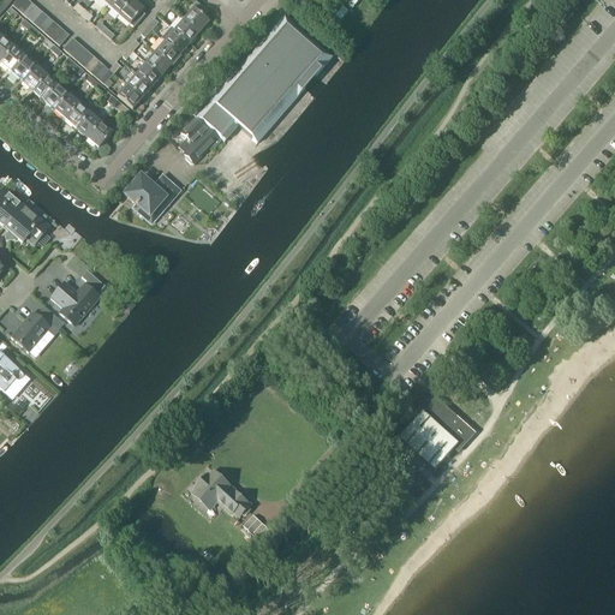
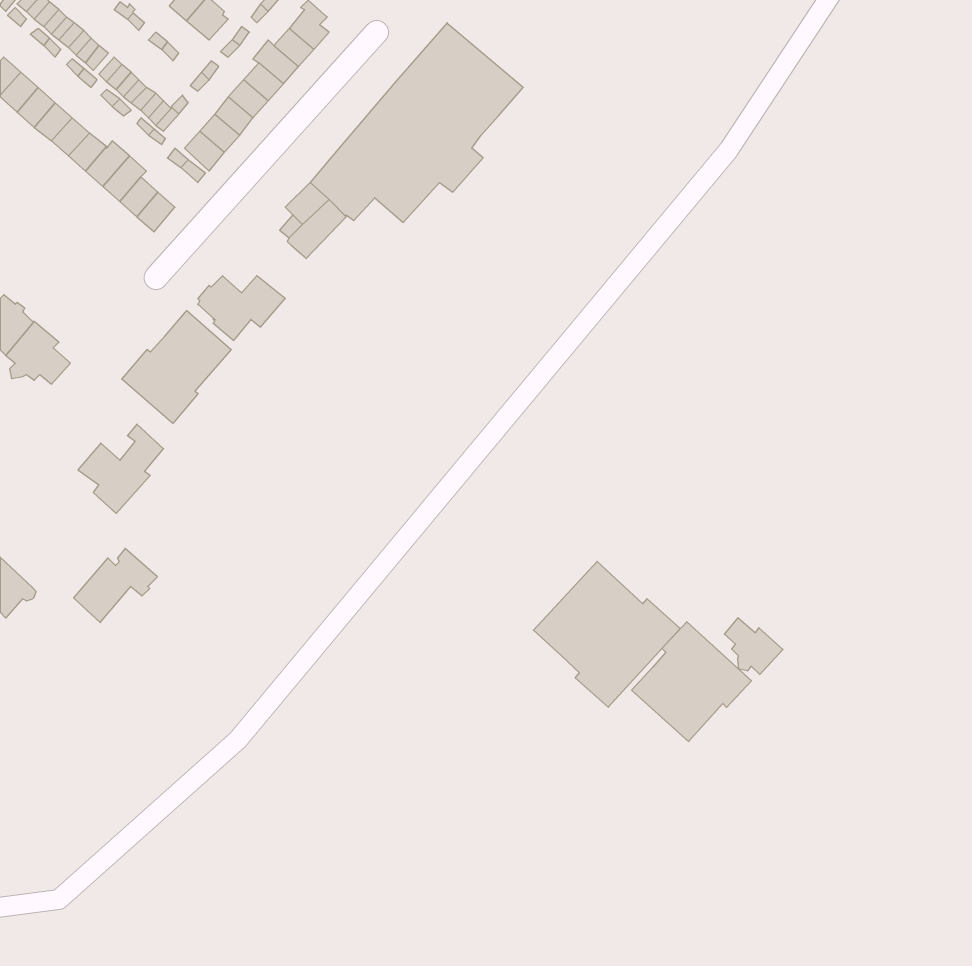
building: none -> [122,311,231,423]
building: [11,304,64,351] -> [74,548,157,623]
building: none -> [533,561,680,707]
building: none -> [724,618,783,674]
building: [193,470,251,517] -> none

